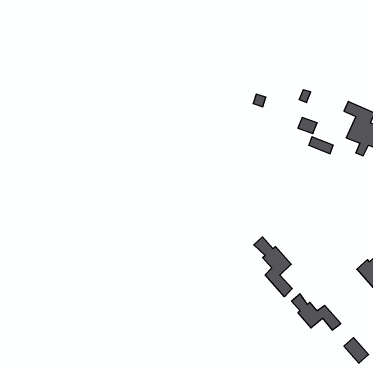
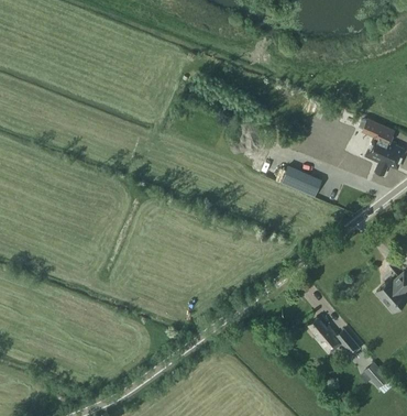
building: none -> [280,166,321,197]
building: [254,237,292,297] -> none

